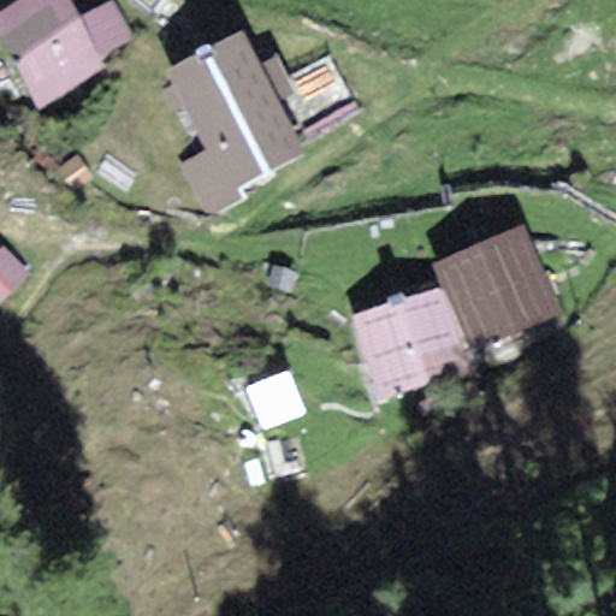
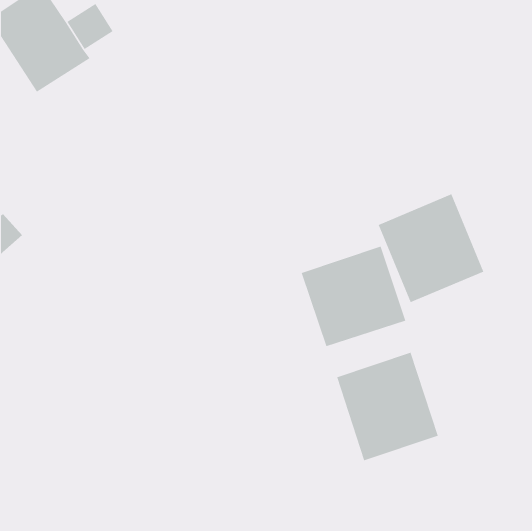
building: [166,29,304,212] -> none
building: none -> [336,352,438,461]

